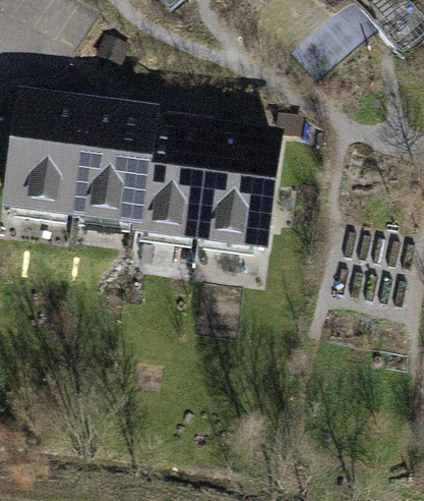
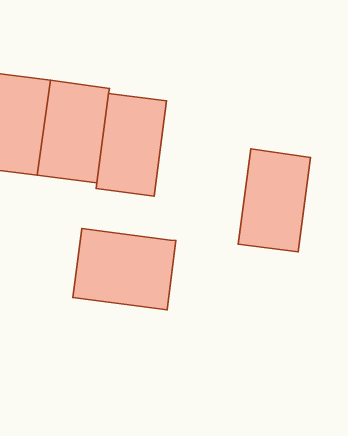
building: [188,136,265,246] -> [238,149,311,252]
building: none -> [73,228,176,310]

